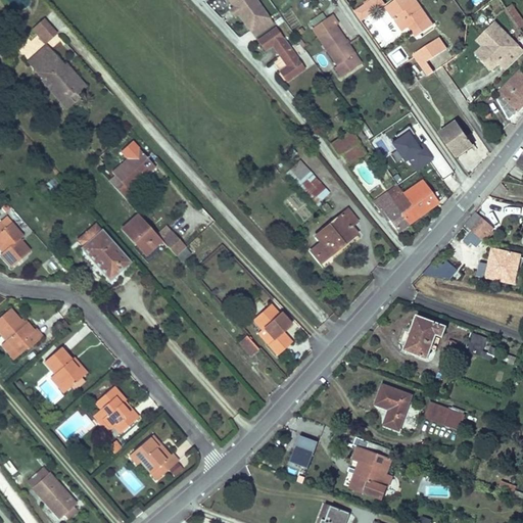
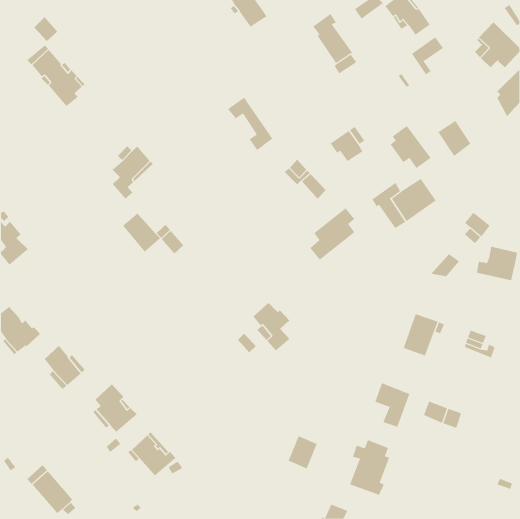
building: [258,27,304,81] -> [227,97,273,151]
building: [78,224,128,277] -> none

